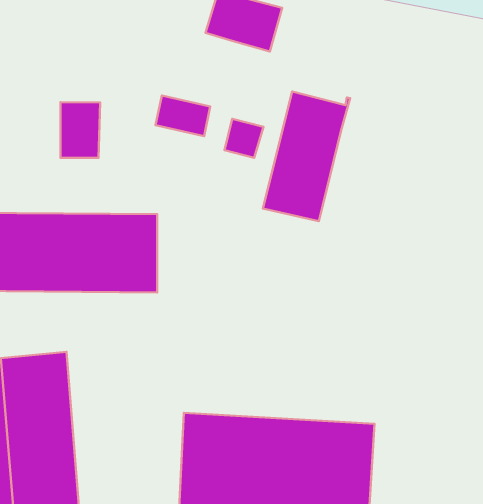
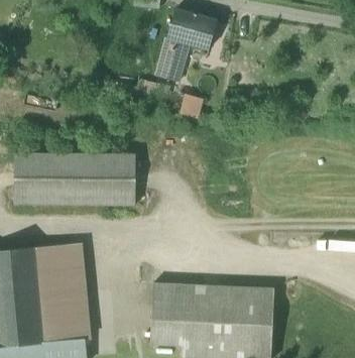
building: none -> [156,37,184,80]
building: [263,92,350,221] -> none
building: [61,102,100,158] -> none

